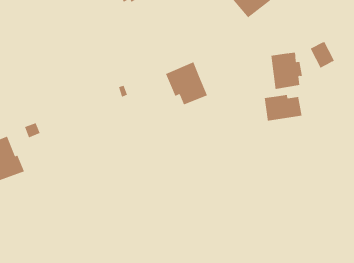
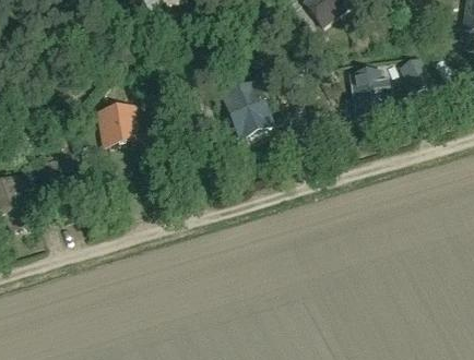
building: none -> [96,99,137,139]
building: [264,94,302,121] -> none

